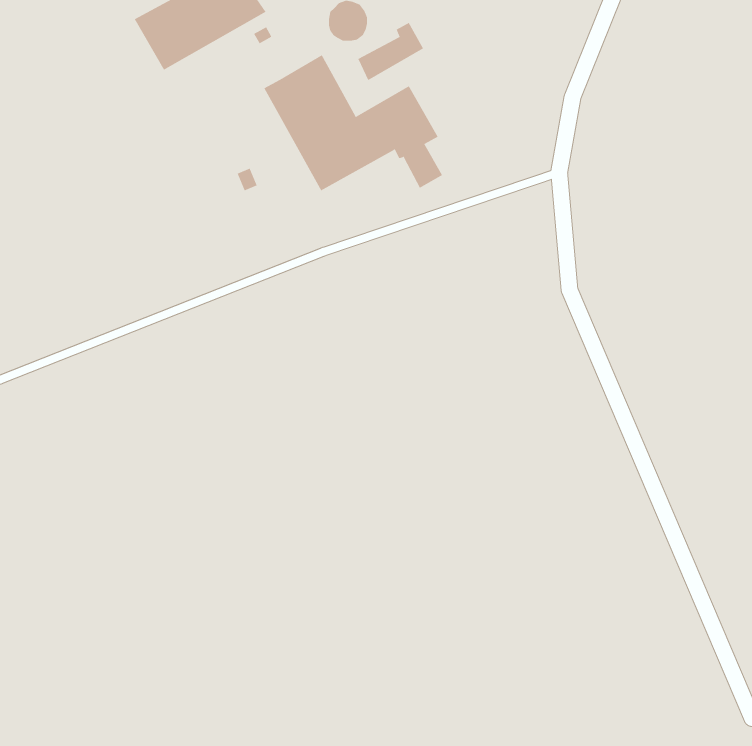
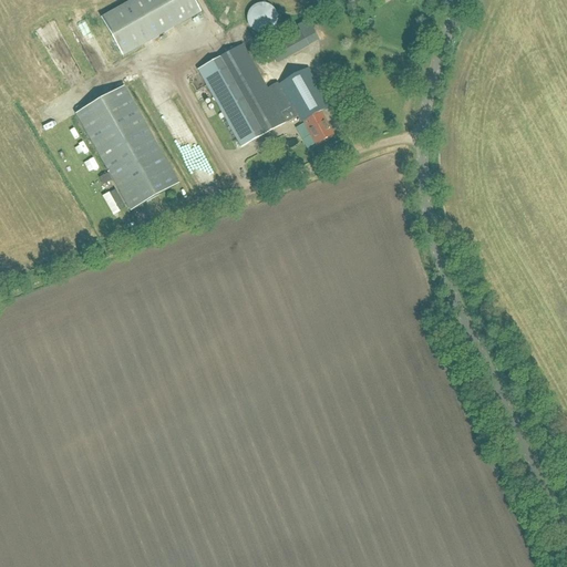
building: none -> [75,83,178,207]

